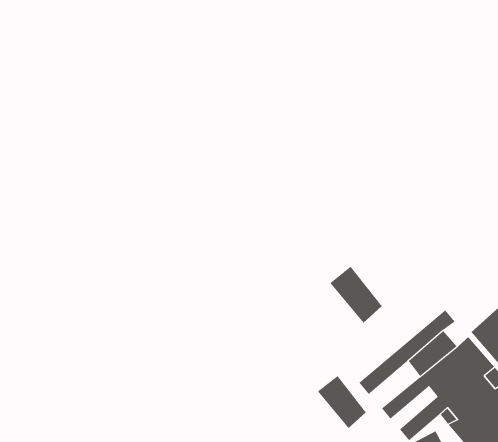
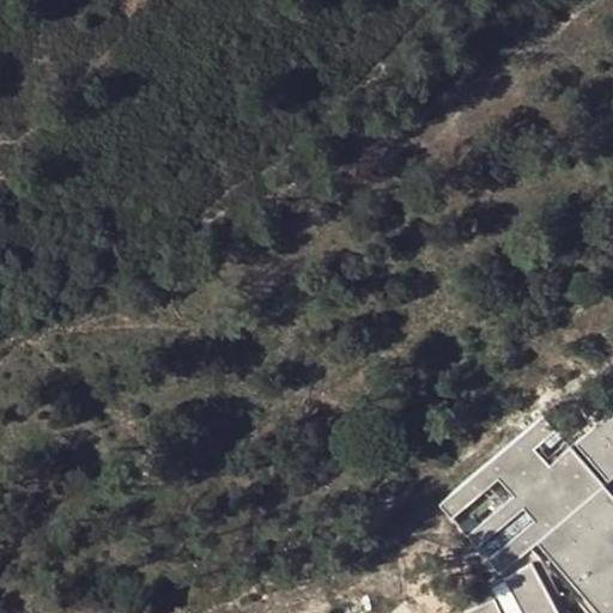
building: [329,266,382,323] -> none
building: [317,375,367,429] -> none

